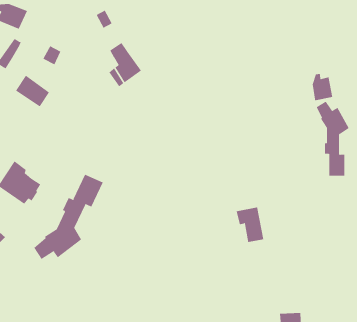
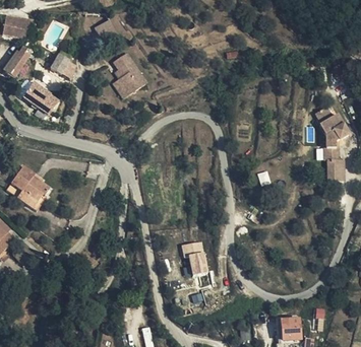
building: [312,73,333,101] -> none
building: [33,174,103,260] -> none
building: [236,207,264,243] -> [181,238,208,273]

